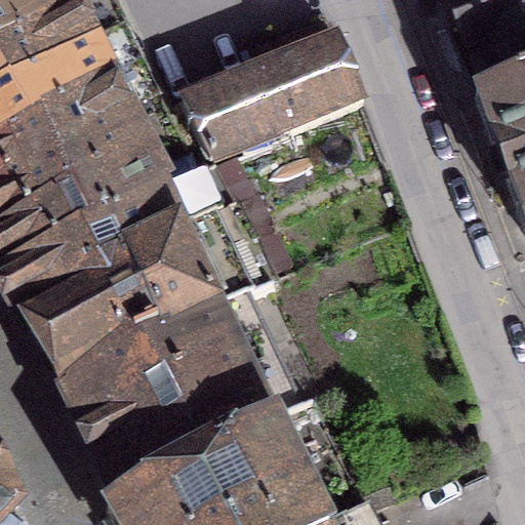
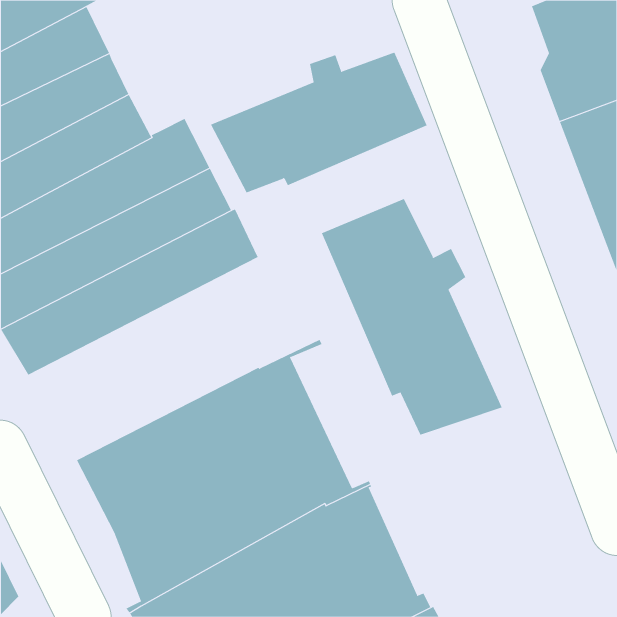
building: none -> [321,198,502,436]
building: [24,208,277,391] -> none

